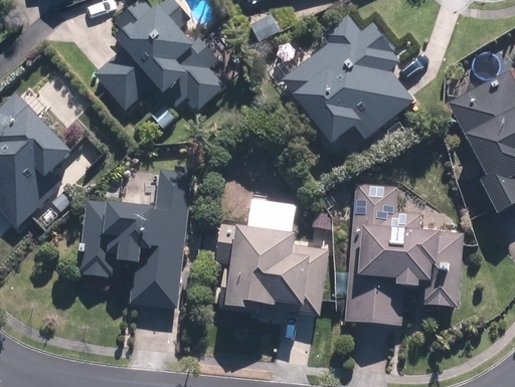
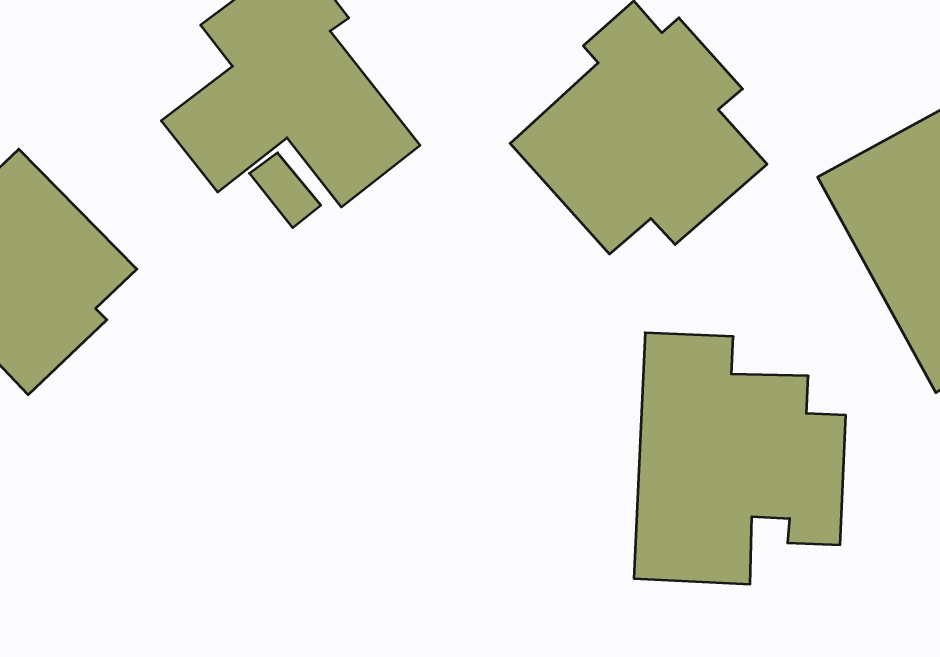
building: [77,167,191,308] -> none
building: [214,198,327,318] -> none

